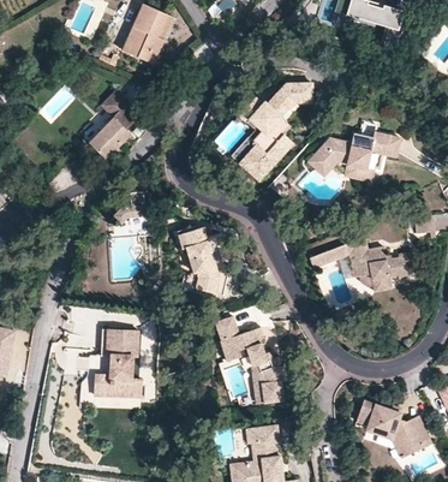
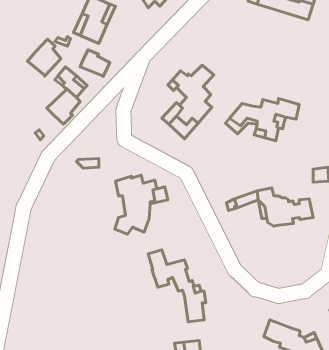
building: none -> [27,39,61,76]
building: none -> [80,50,110,77]
building: [279,81,311,101] -> none
building: [95,332,142,400] -> none

